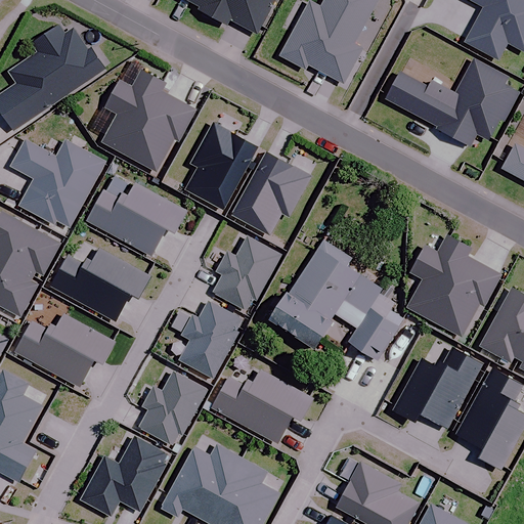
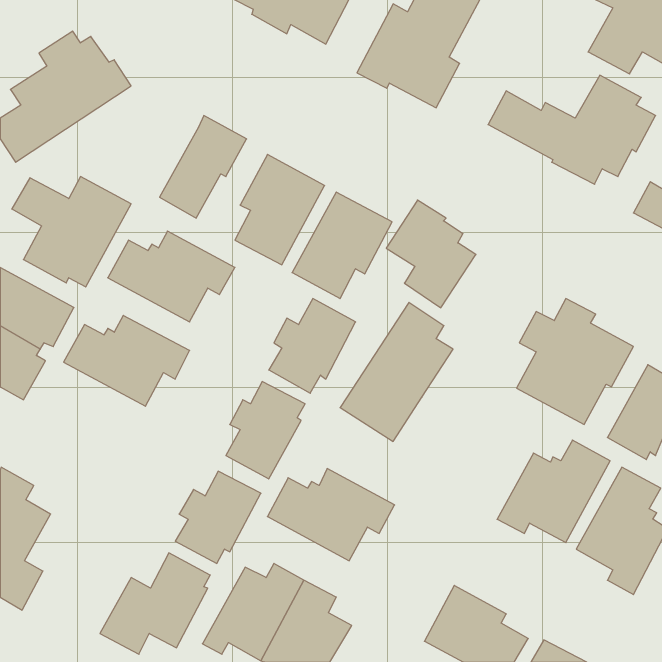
building: [101,69,167,156] -> none
building: [334,275,404,360] -> [386,200,476,308]
building: [15,314,115,386] -> none

